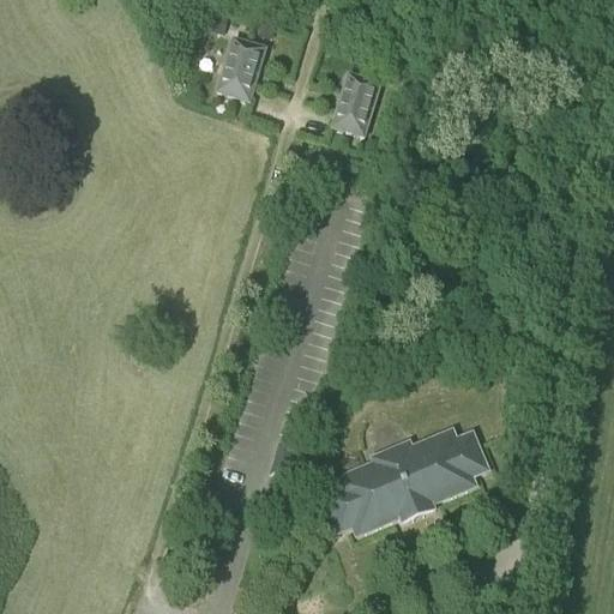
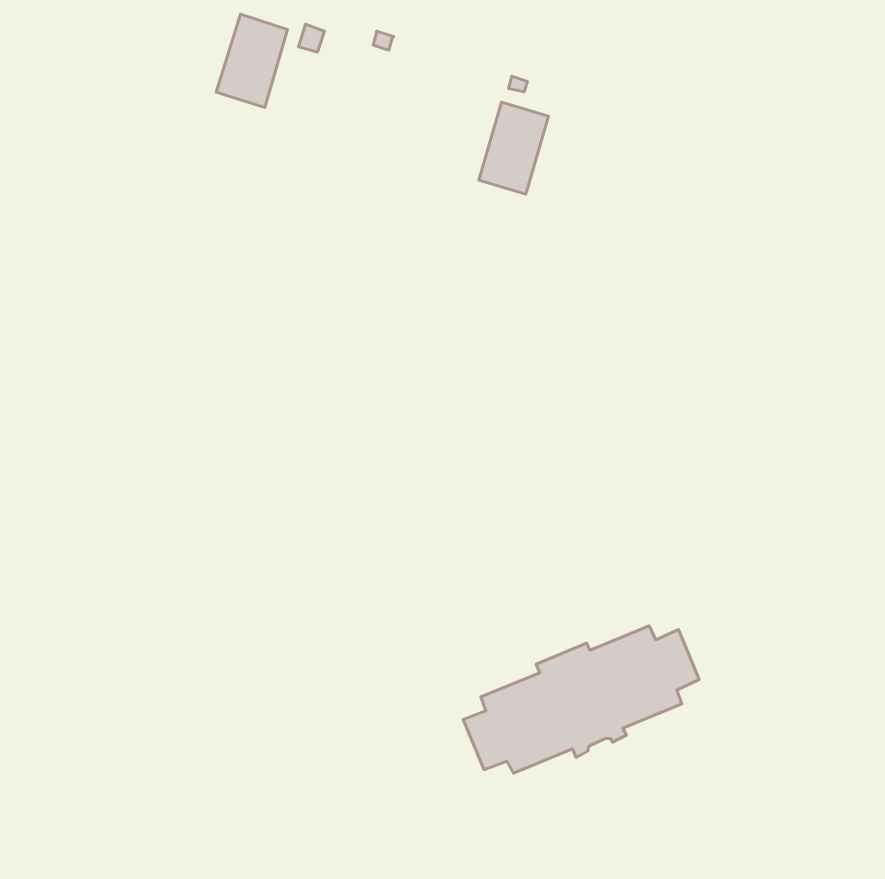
building: [215,35,264,100] -> [216,14,287,108]

